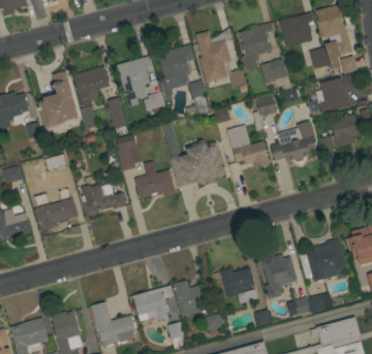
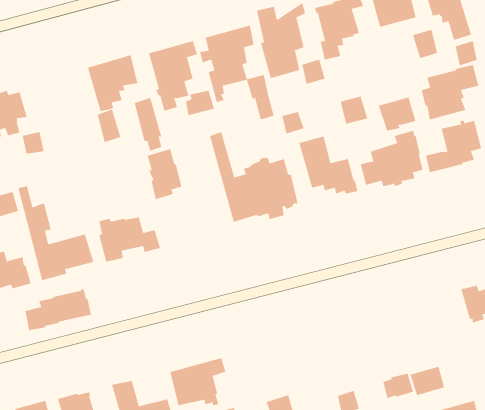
building: [259,59,287,84] -> [378,97,416,131]
building: [38,71,78,128] -> none
building: [133,161,176,198] -> none
building: none -> [25,289,91,331]
building: [305,238,347,282] -> none
building: [261,254,297,299] -> none
building: [220,267,257,303] -> none
building: [173,281,206,317] -> none

